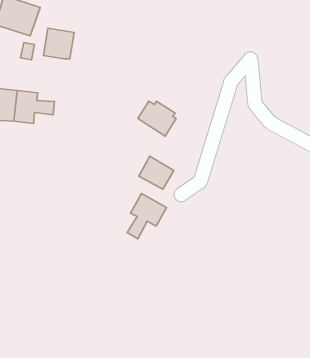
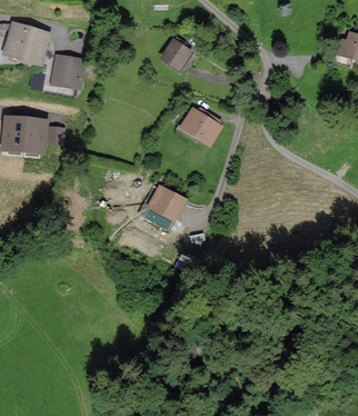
building: none -> [161,40,190,69]
building: [138,101,176,136] -> [181,109,220,145]
building: [127,194,166,239] -> none

